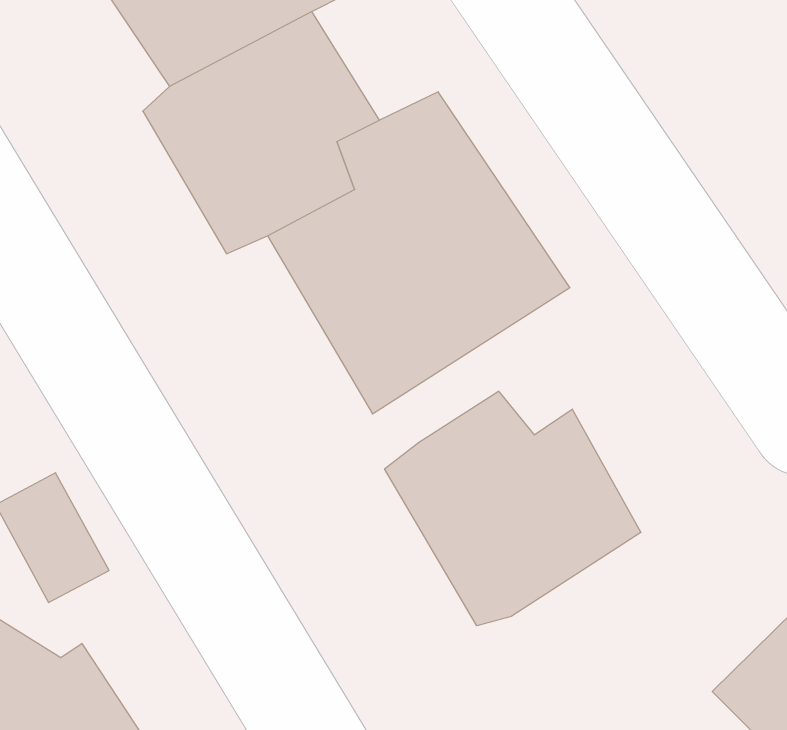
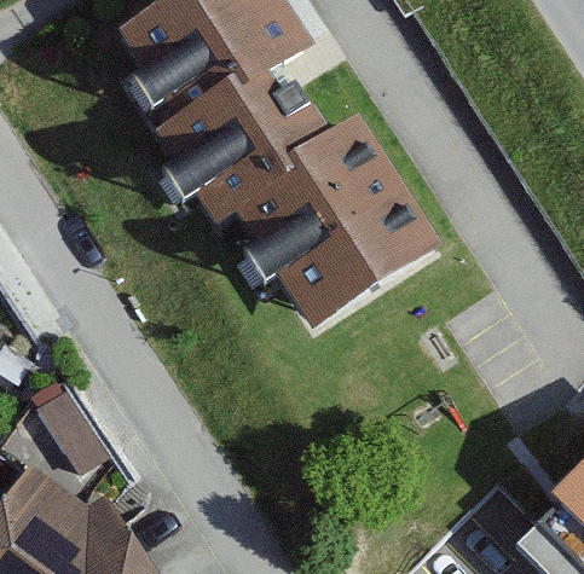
building: [385,391,641,626] -> none

